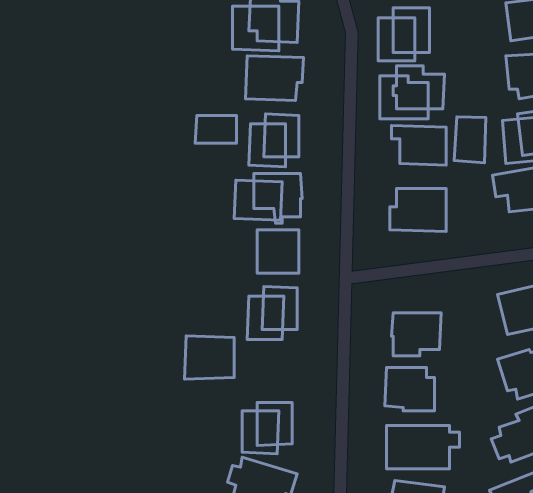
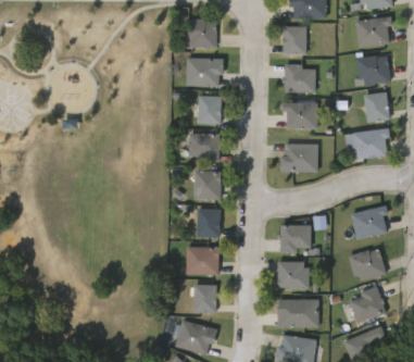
building: [195,115,236,143] -> none
building: [454,117,486,163] -> none
building: [184,336,234,379] -> [186,245,218,273]

